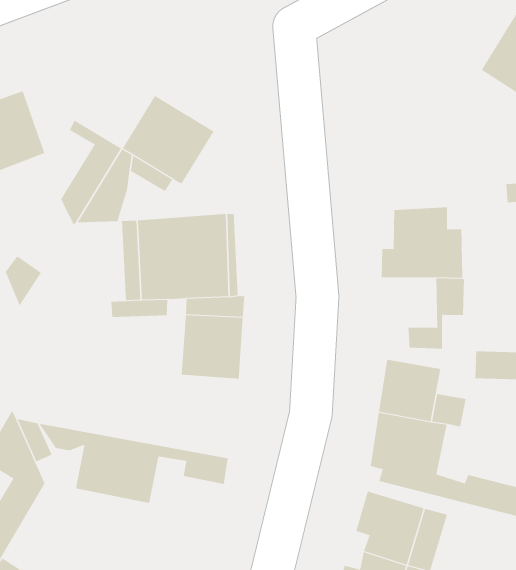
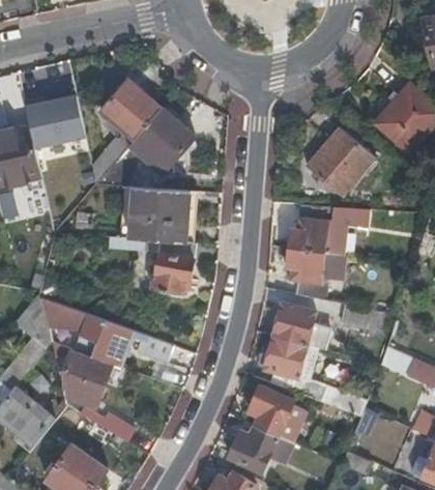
building: none -> [100,78,161,138]
building: none -> [306,125,374,195]
building: none -> [286,246,324,283]
building: none -> [54,346,112,405]

